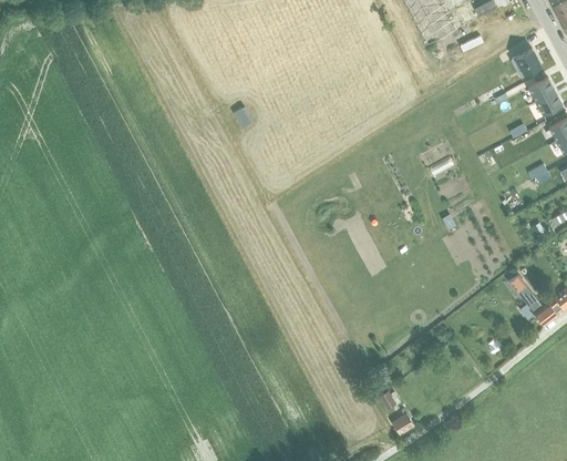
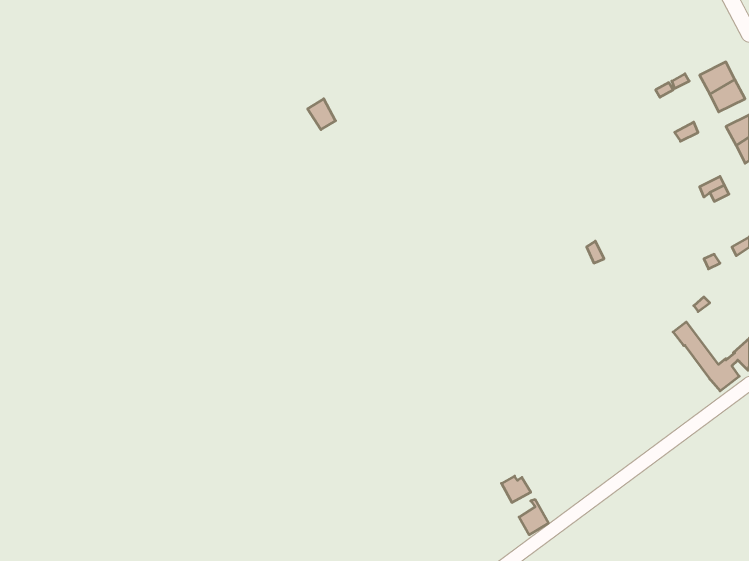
building: [511,48,542,78] -> none

